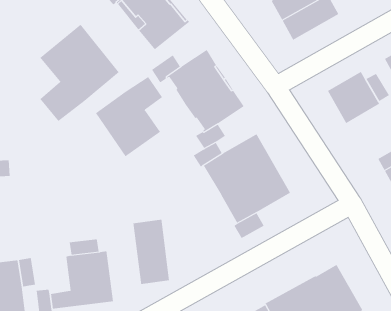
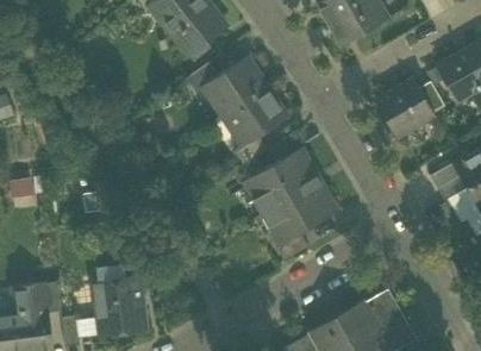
building: [40,24,119,122] -> none
building: [95,76,163,157] -> none
building: [133,219,170,285] -> none

